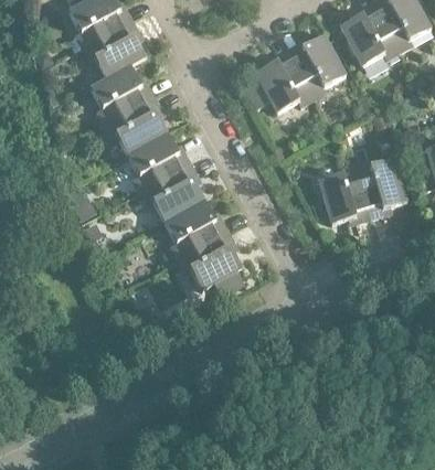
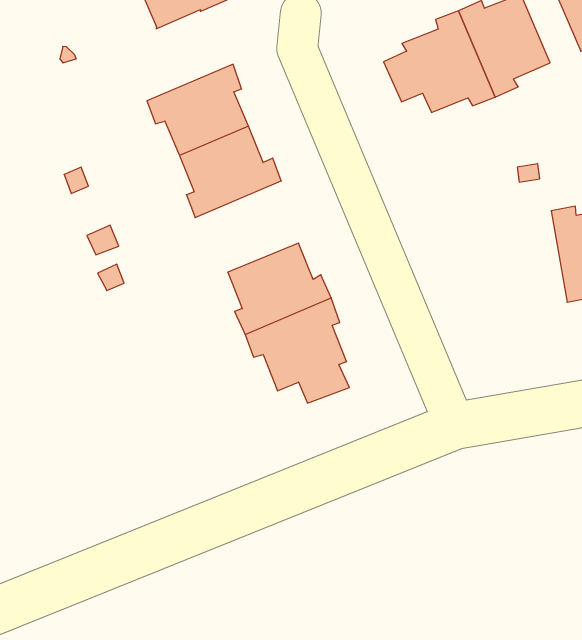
building: [89,64,153,122] -> none
building: [140,162,204,221] -> none
building: [318,163,370,223] -> none

